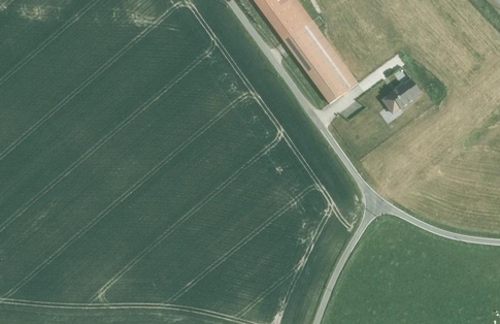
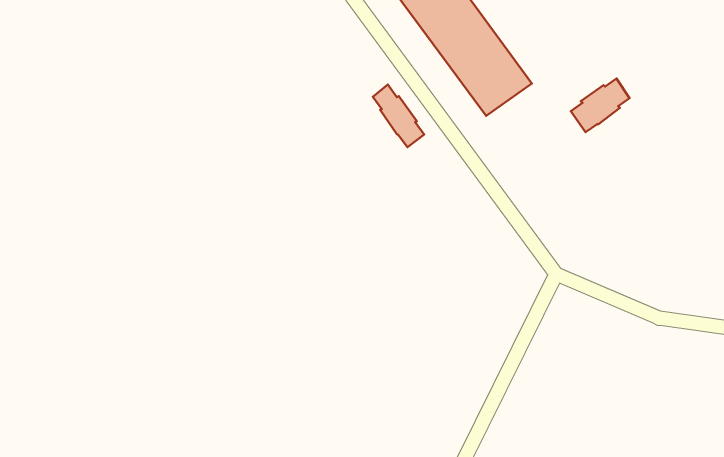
building: none -> [373,85,424,147]

